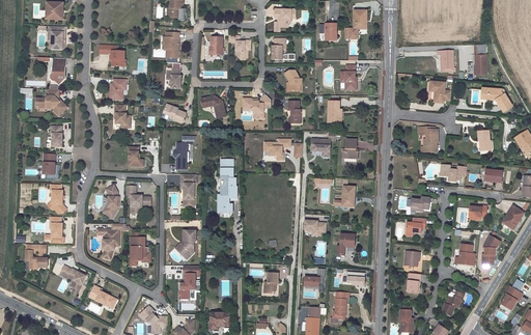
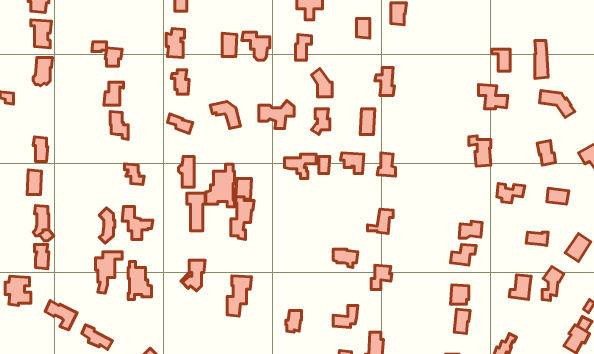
building: [35,89,65,115] -> none
building: none -> [206,164,235,207]
building: [177,264,198,299] -> [227,276,251,316]

